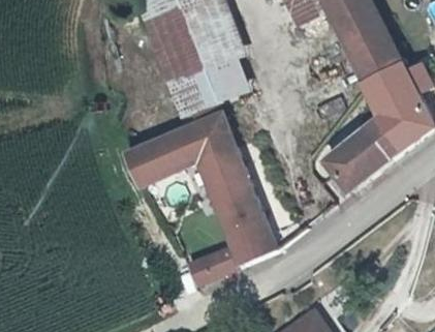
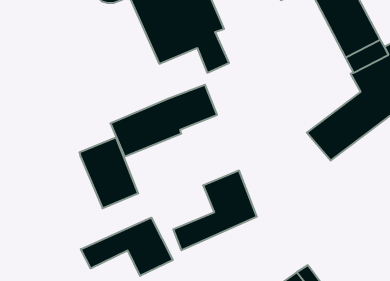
building: [175,73,224,117] -> none
building: [196,143,257,216] -> [79,137,138,208]
building: none -> [81,218,173,276]

